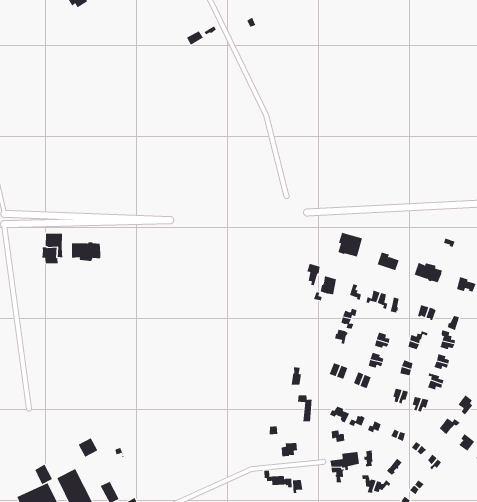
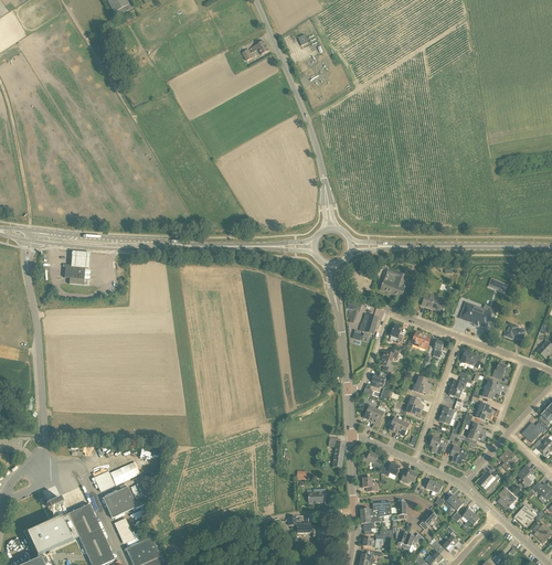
building: [71,241,101,262] -> none
building: none -> [102,486,136,516]

